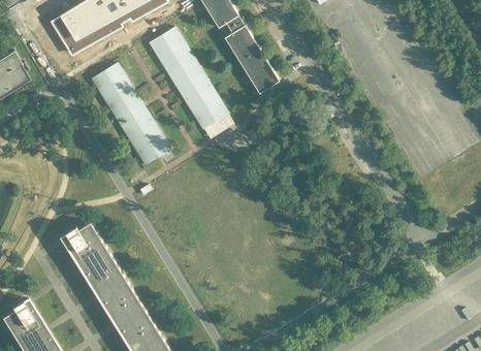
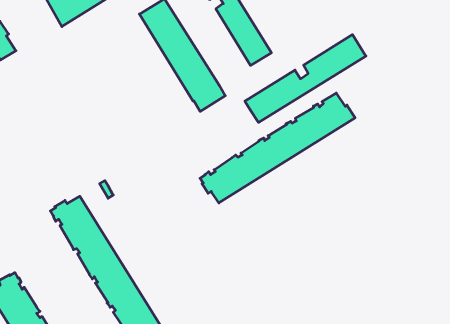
building: none -> [245,35,366,122]
building: [92,64,170,165] -> none
building: none -> [200,93,355,203]

